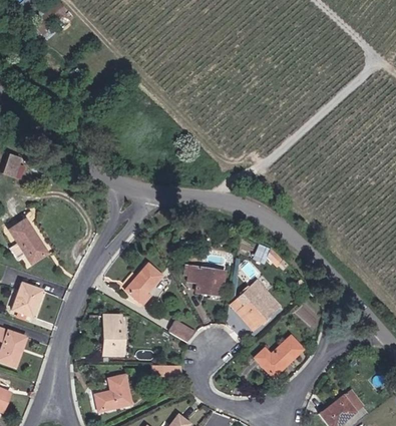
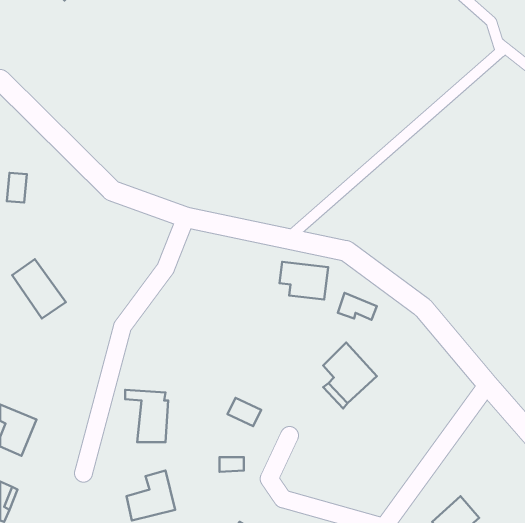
building: [125,261,161,299] -> none
building: [188,267,225,295] -> [280,262,328,299]
building: [13,284,44,317] -> none
building: [256,337,302,375] -> none

